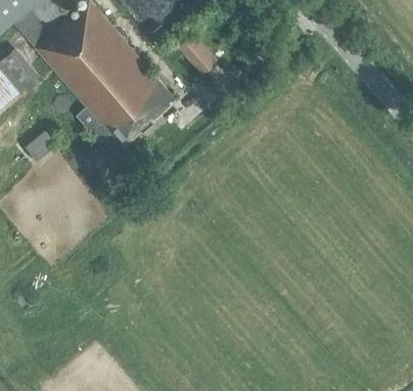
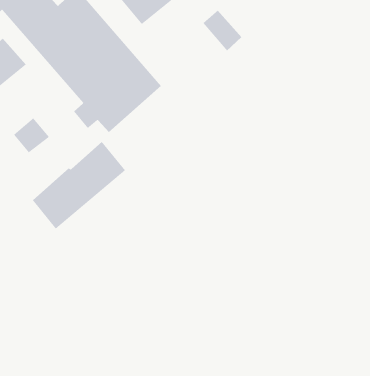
building: [176,33,216,75] -> [203,10,242,52]
building: none -> [32,141,126,229]

